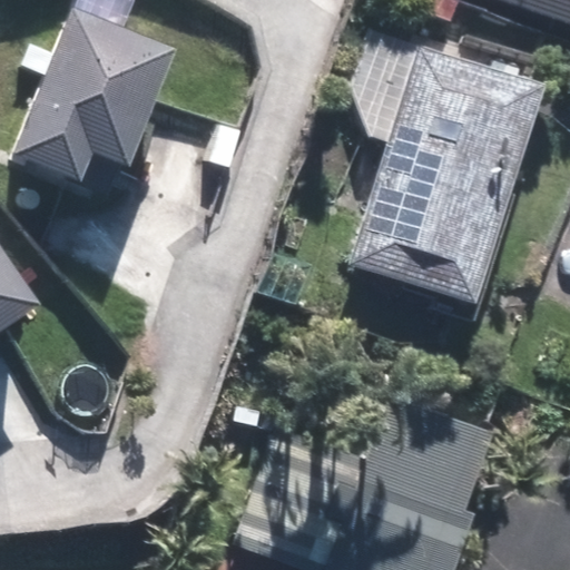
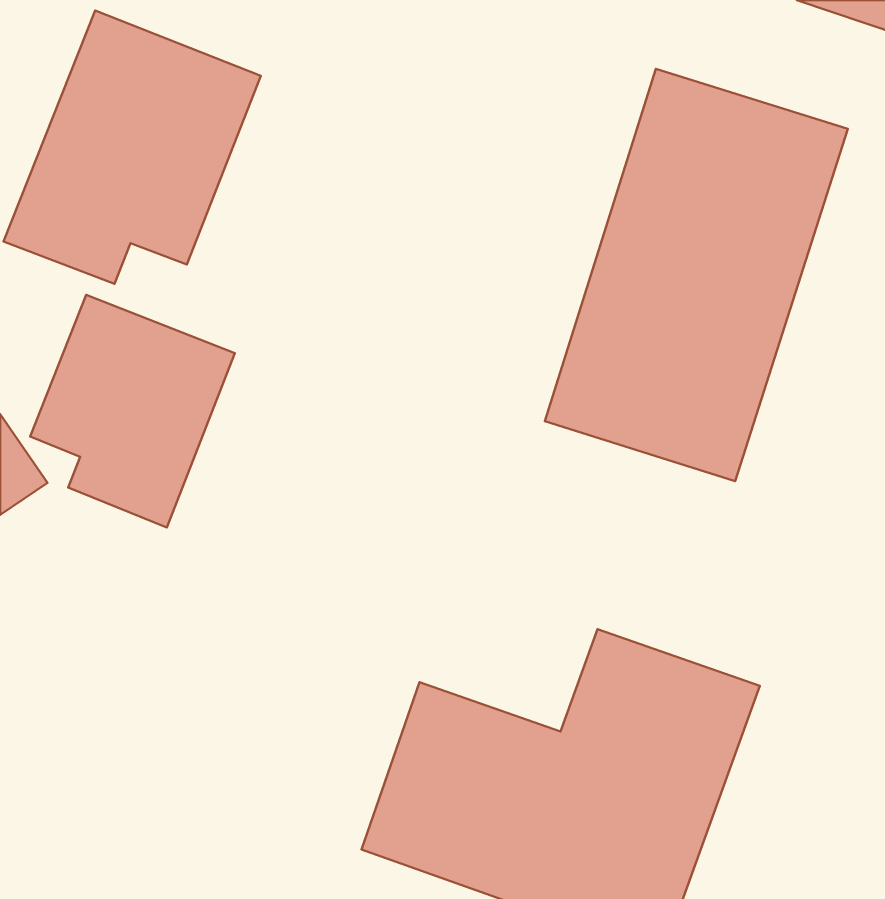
building: none -> [30,295,235,527]

